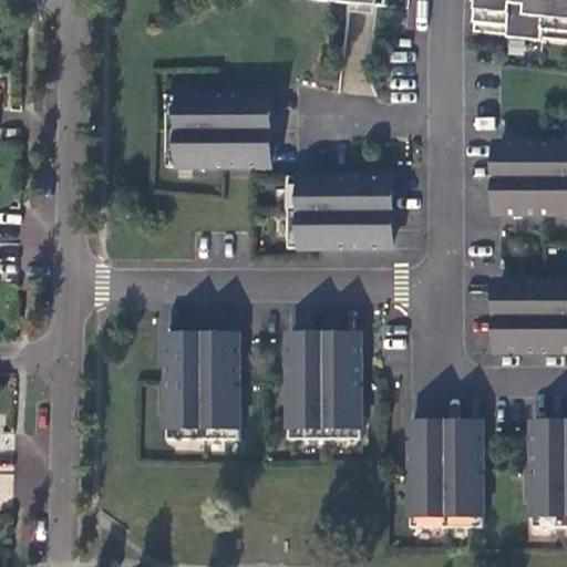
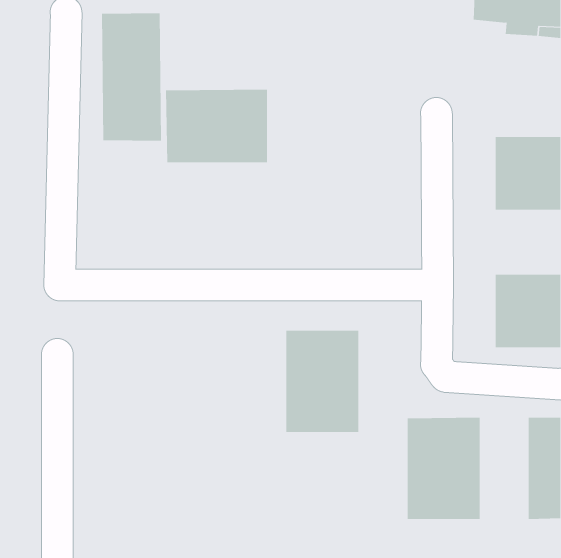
building: none -> [101,12,161,142]
building: [289,172,391,246] -> none
building: [165,332,239,435] -> none

